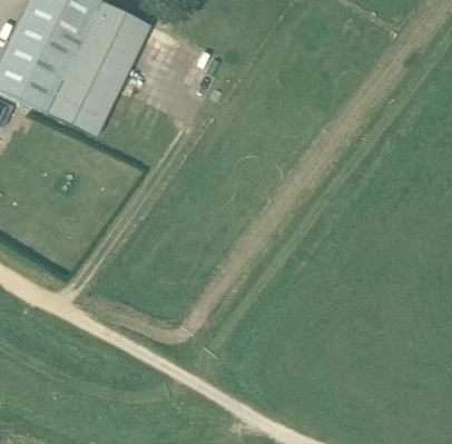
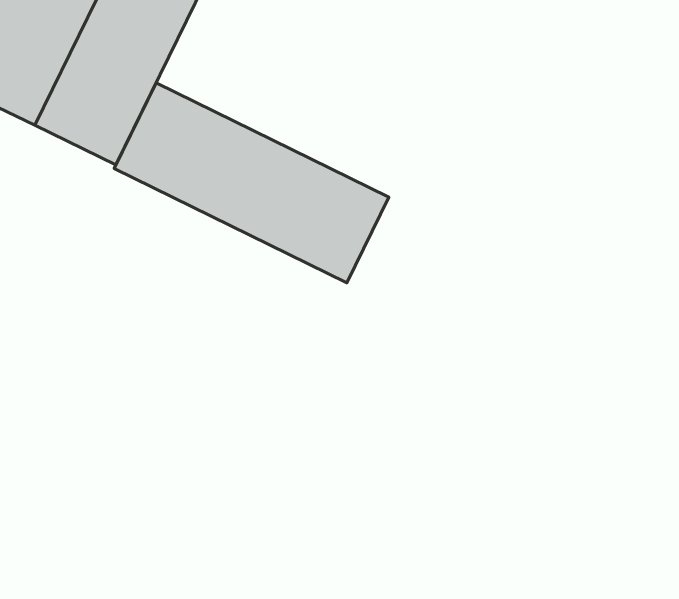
building: none -> [114,83,389,283]

